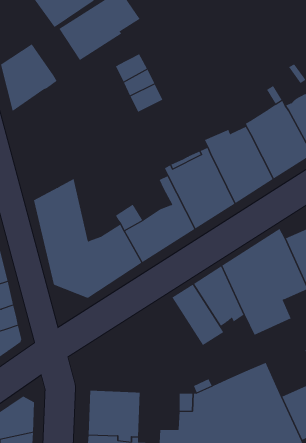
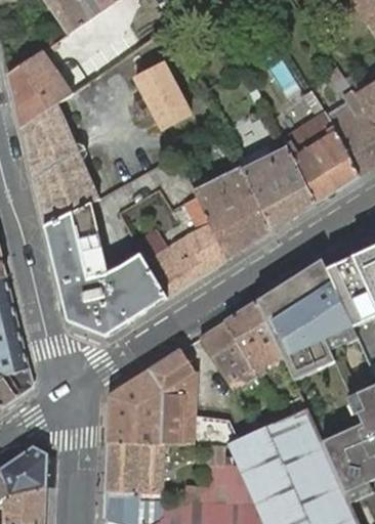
building: none -> [20,102,98,226]
building: none -> [108,348,195,443]

